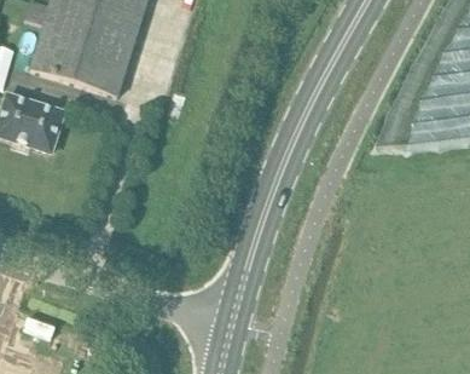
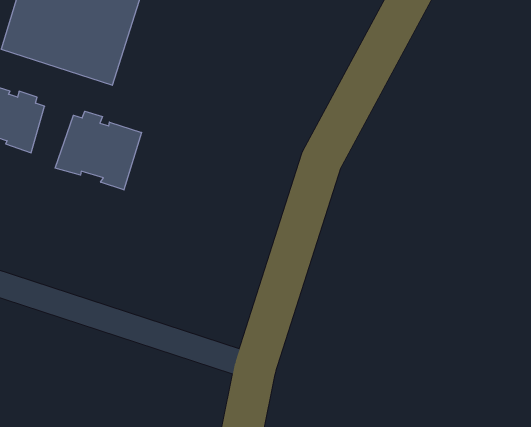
building: none -> [55,111,142,190]

